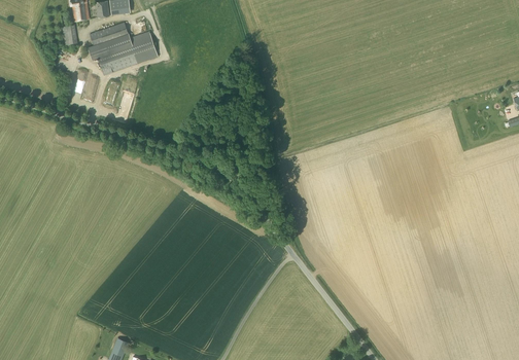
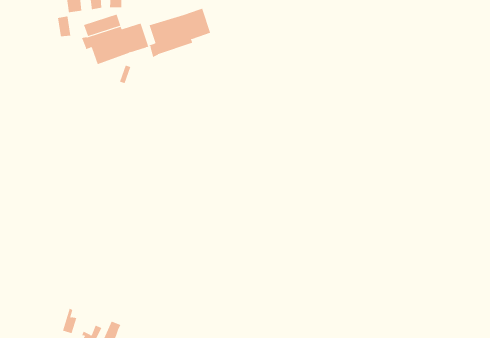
building: none -> [149,8,211,58]

